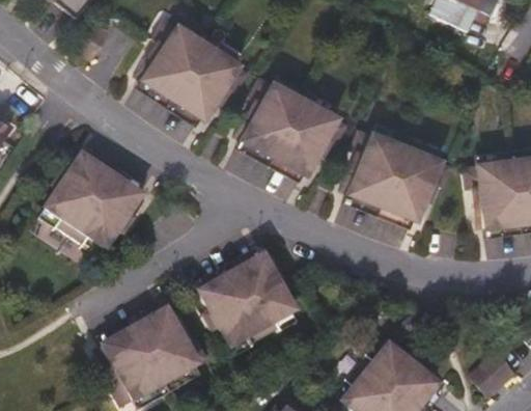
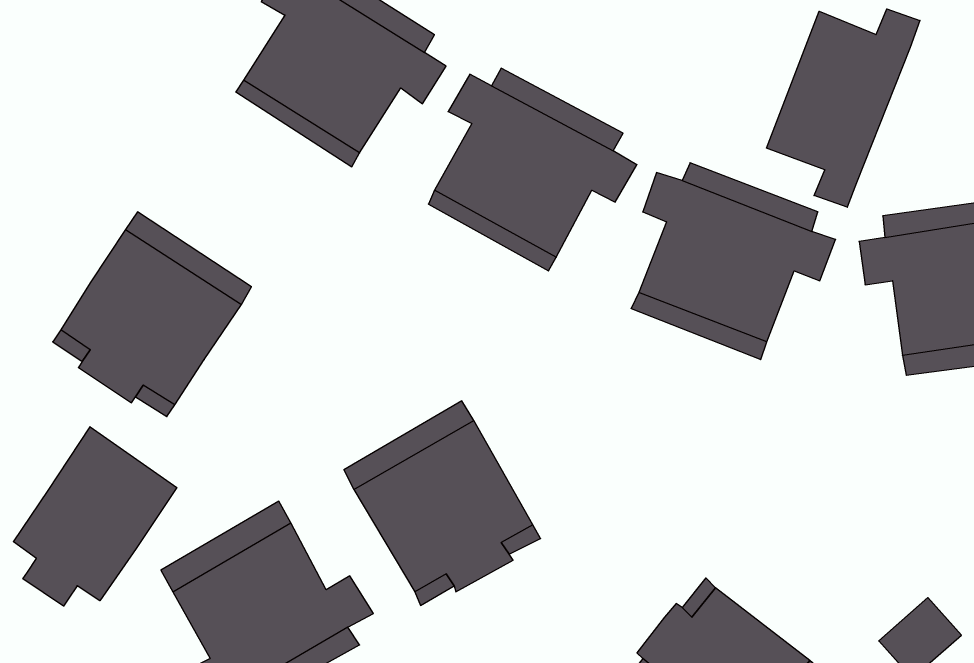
building: none -> [766,9,920,207]
building: none -> [13,427,177,606]

